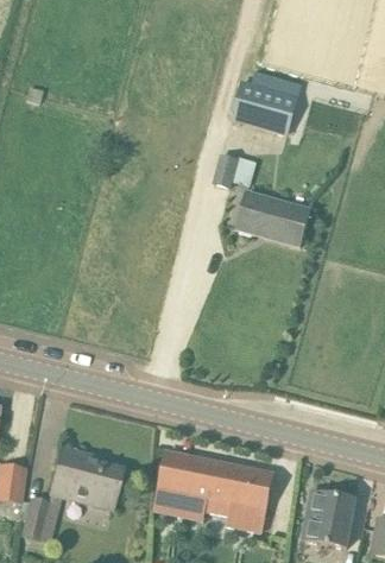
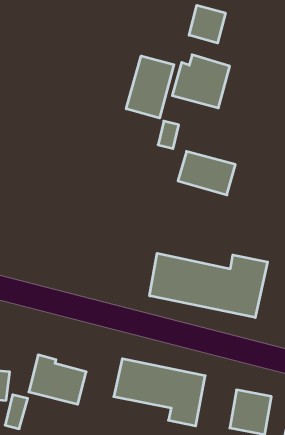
building: none -> [189,5,225,43]
building: none -> [126,56,174,118]
building: none -> [150,253,268,318]

